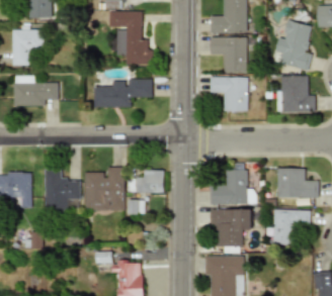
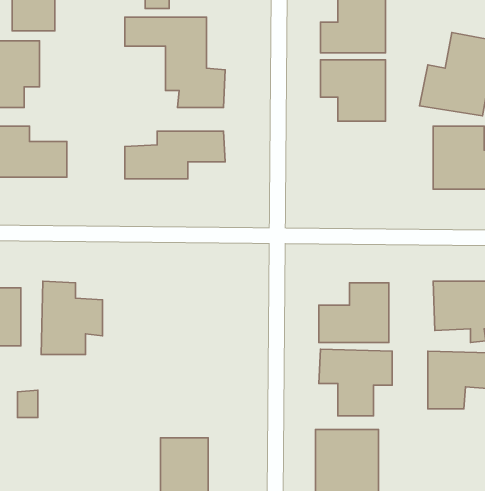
building: [210,76,248,111] -> none
building: [84,168,123,211] -> none
building: [128,170,164,214] -> none

